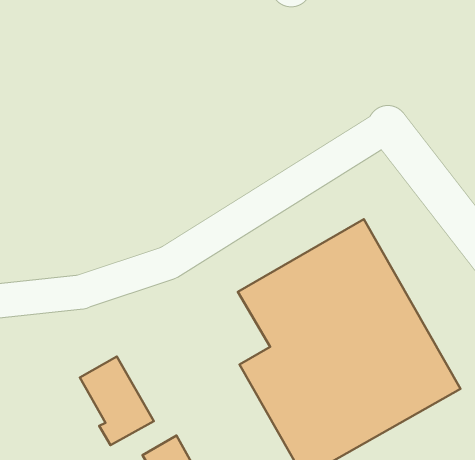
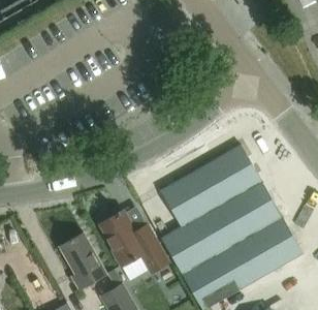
building: none -> [98,208,167,273]

